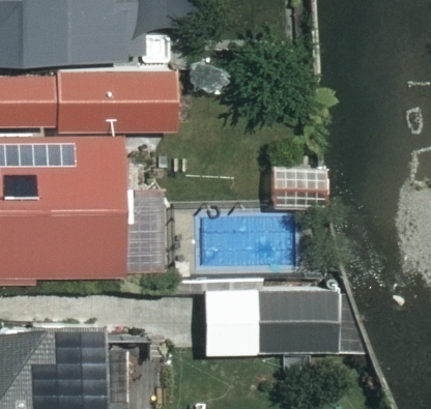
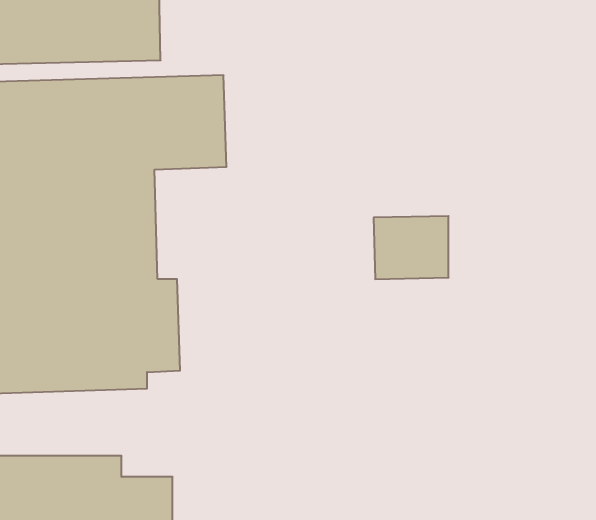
building: [203,288,334,354] -> none

